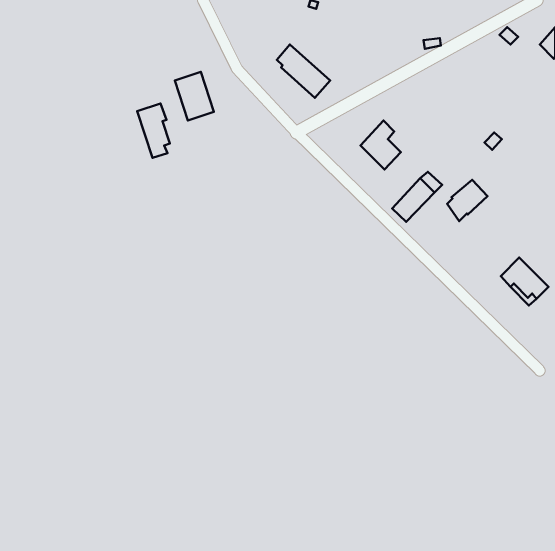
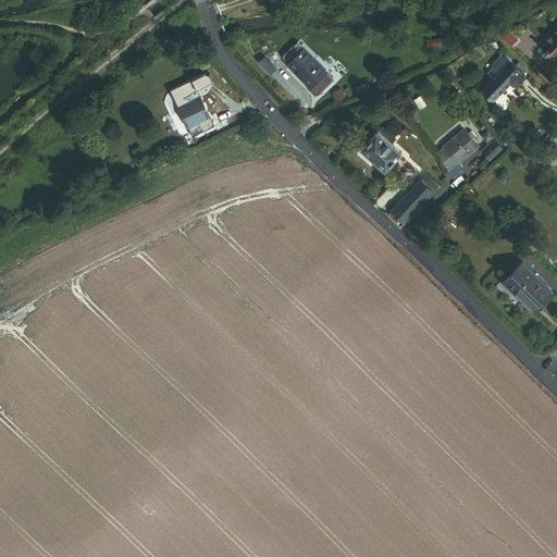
building: none -> [482,57,524,102]
building: [137,104,170,158] -> none
building: [447,180,487,221] -> [435,133,475,174]

